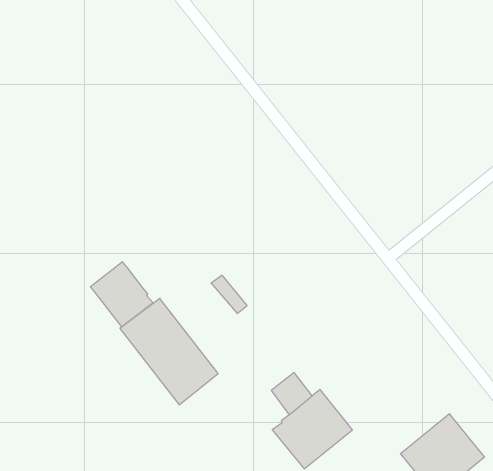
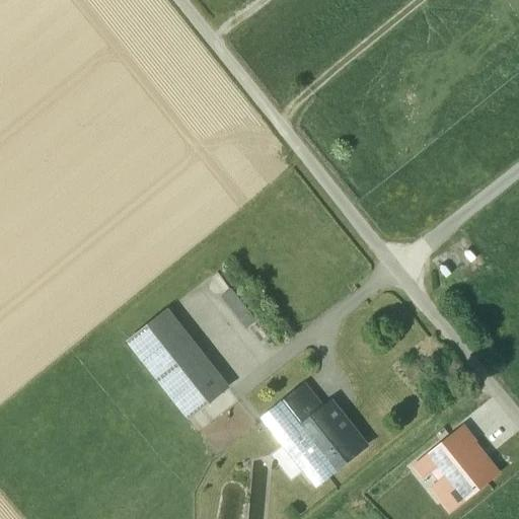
building: [91,262,153,327] -> none
building: none -> [264,402,300,442]

